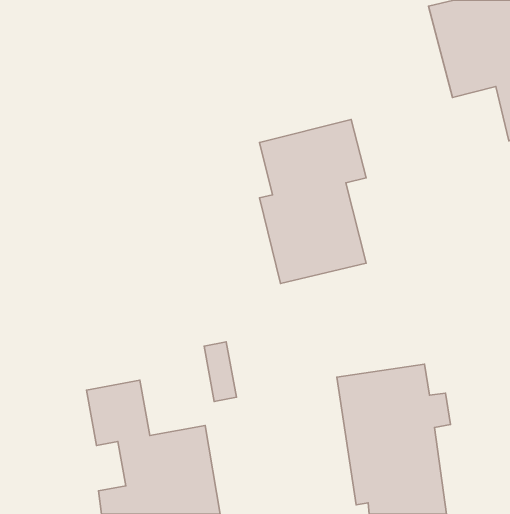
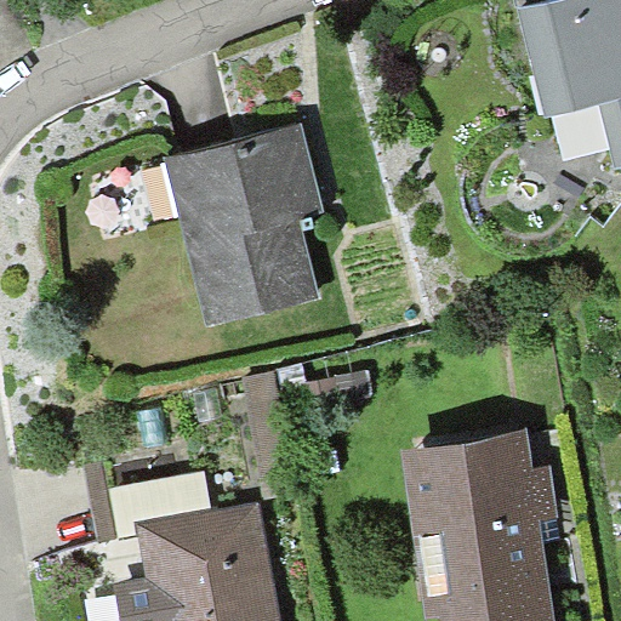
building: [259,119,366,283] -> [186,126,314,324]

